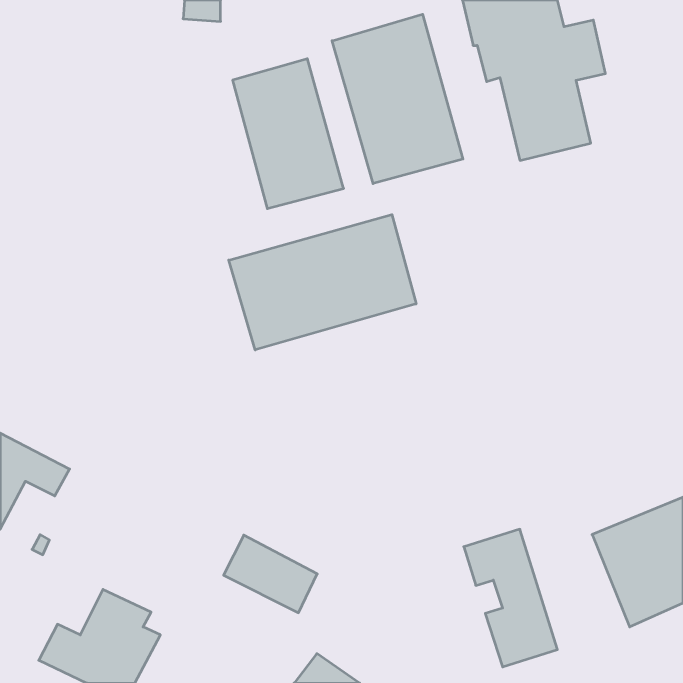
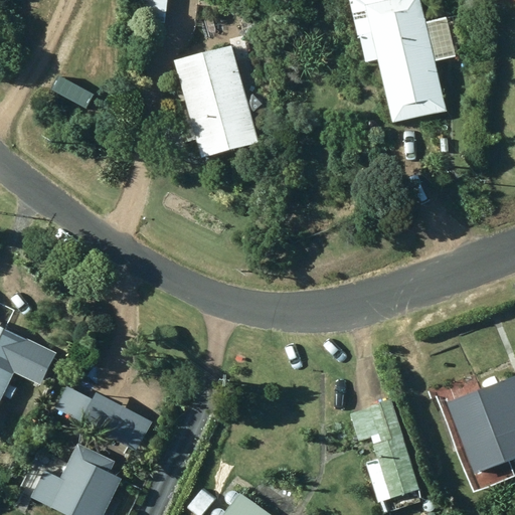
building: [332,14,463,184] -> none
building: [229,215,416,350] -> none
building: [224,535,317,613] -> [79,391,150,450]

